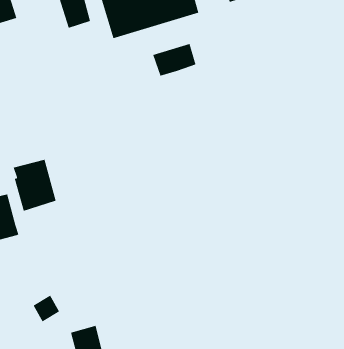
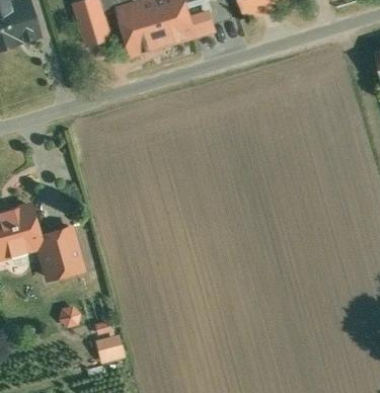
building: [153,43,196,76] -> none
building: [13,159,57,211] -> [37,228,80,279]

